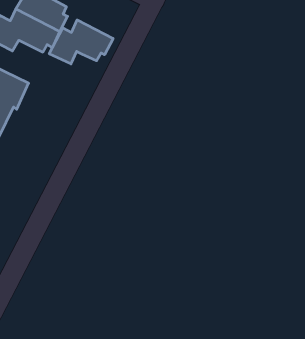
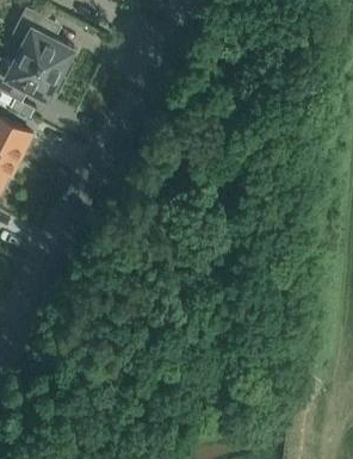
building: [49,20,113,64] -> none

